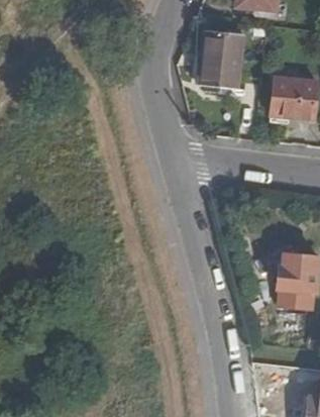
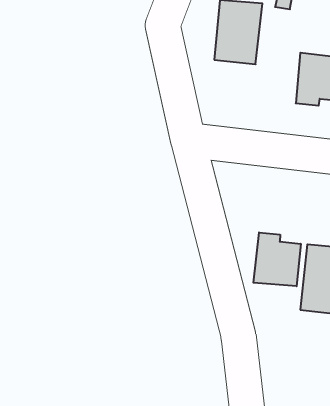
building: none -> [253,232,301,286]

